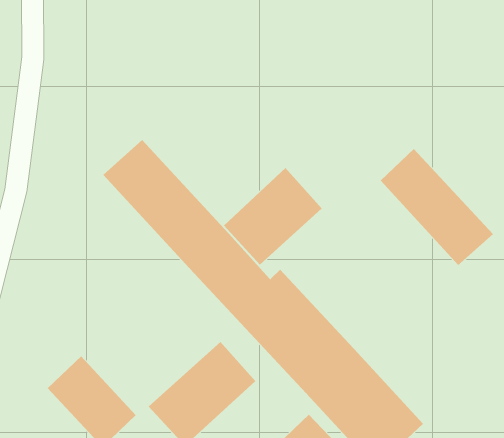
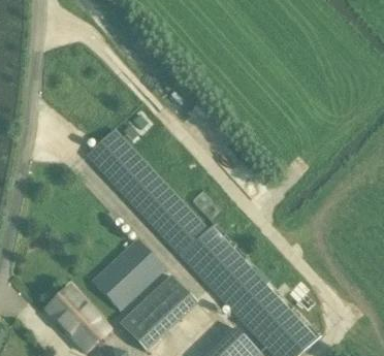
building: [380,148,494,266] -> none
building: [223,167,323,265] -> [92,239,164,311]

